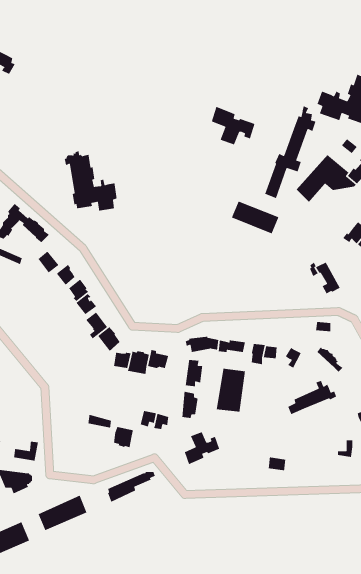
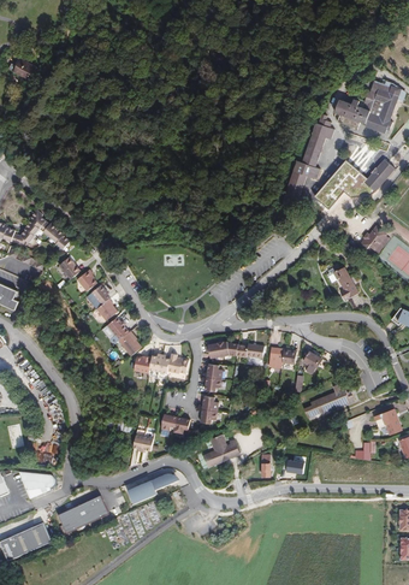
building: [211,106,256,146] -> none
building: [64,150,118,211] -> none
building: [231,200,279,234] -> none
building: [216,368,246,413] -> none

